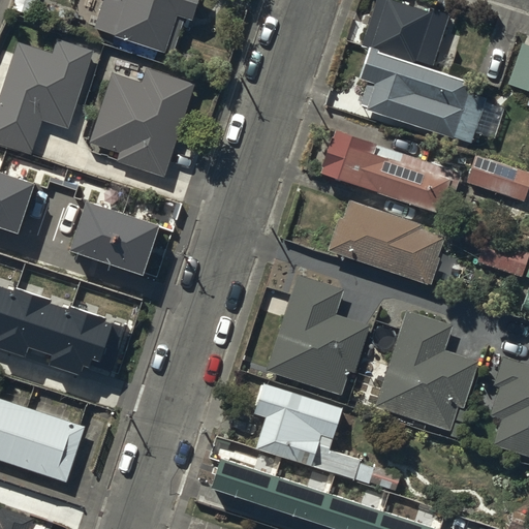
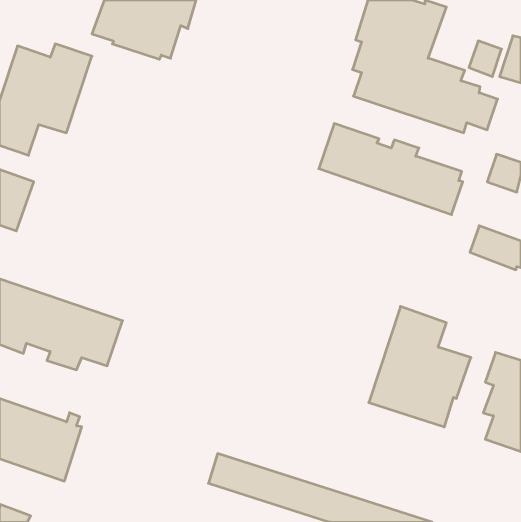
building: [89,72,193,182] -> none
building: [70,201,159,275] -> none
building: [326,203,443,288] -> none
building: [264,276,370,397] -> none
building: [249,382,372,484] -> none

